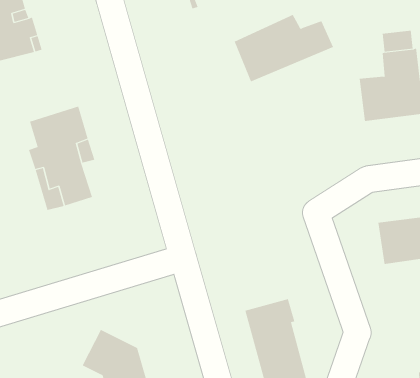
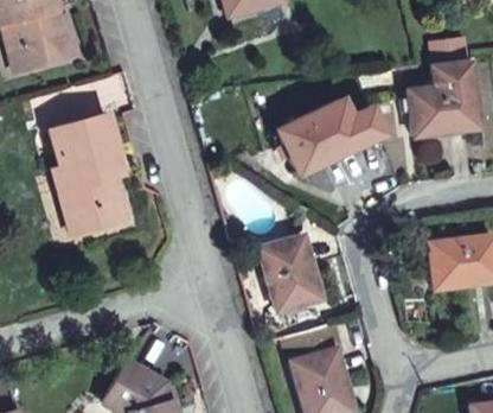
building: [234,14,334,82] -> [280,96,388,170]
building: none -> [258,236,320,311]

